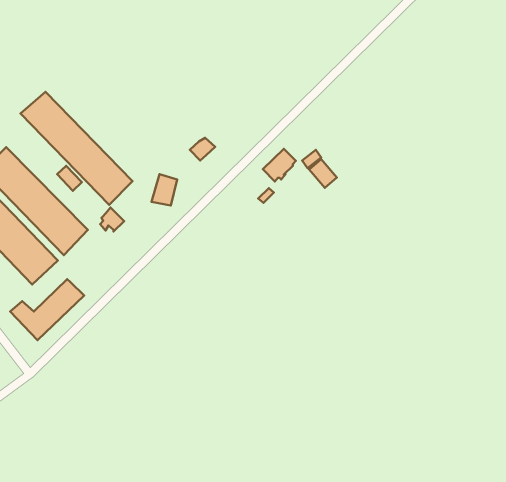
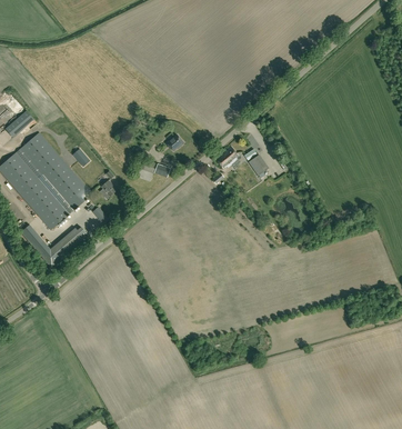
building: [21,92,132,205] -> none

